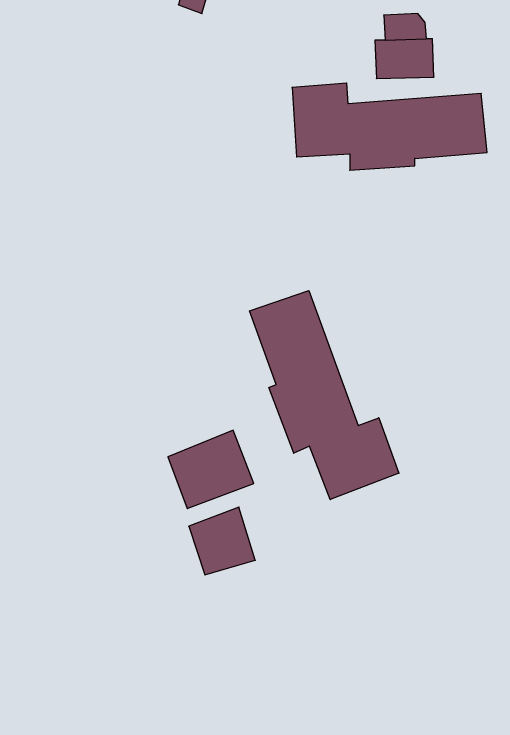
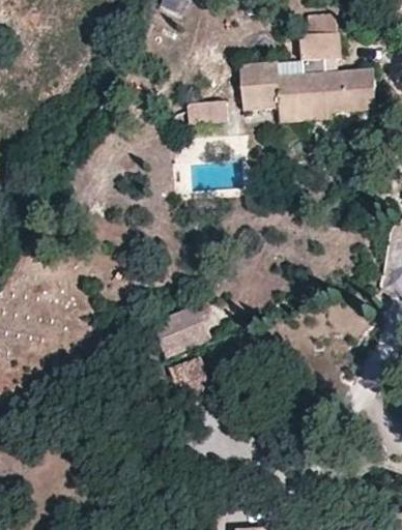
building: none -> [184,100,227,123]
building: [249,291,399,500] -> none

